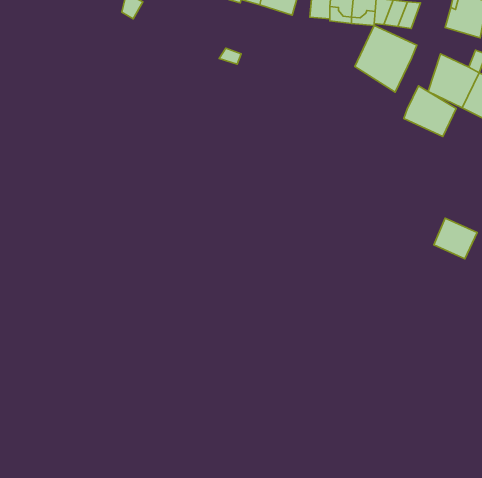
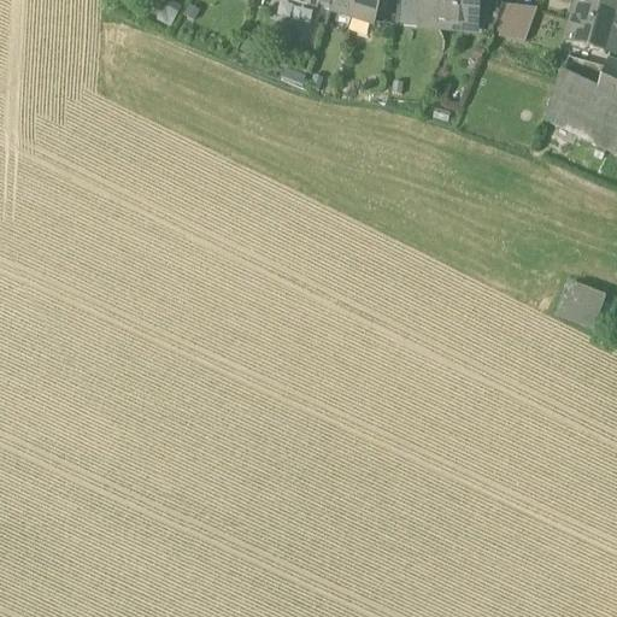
building: [355,26,417,92] -> none
building: none -> [563,53,607,86]
building: [404,86,456,137] -> none

